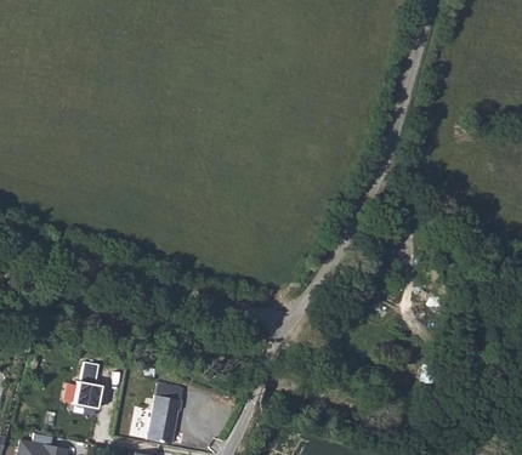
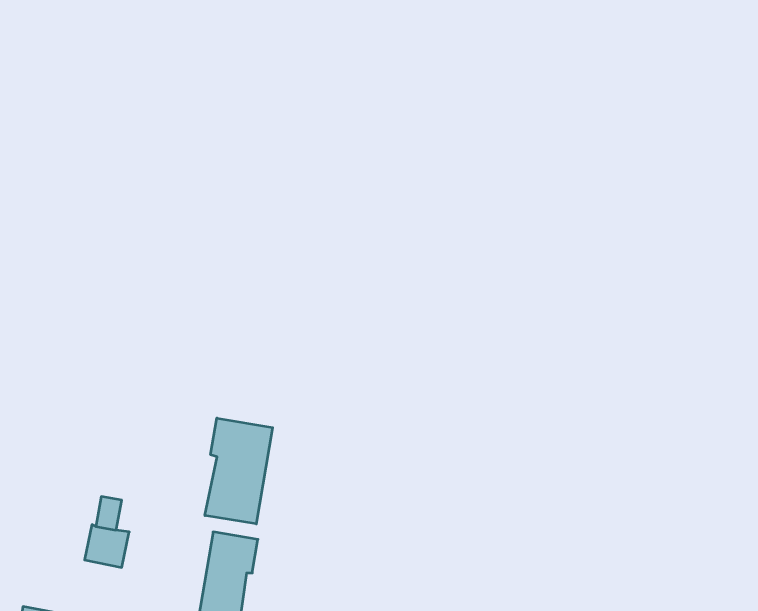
building: none -> [205,418,273,524]

